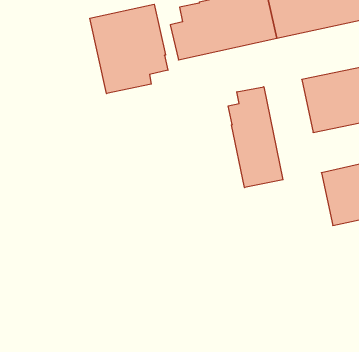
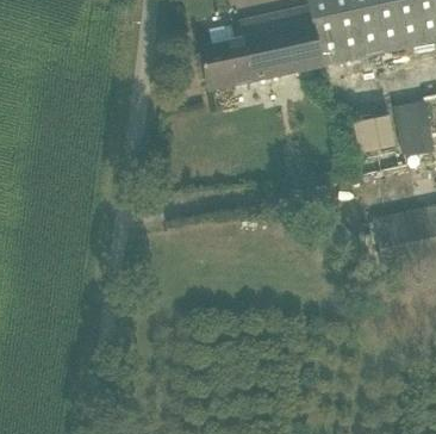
building: [90,4,168,94] -> none
building: [228,87,283,188] -> none

